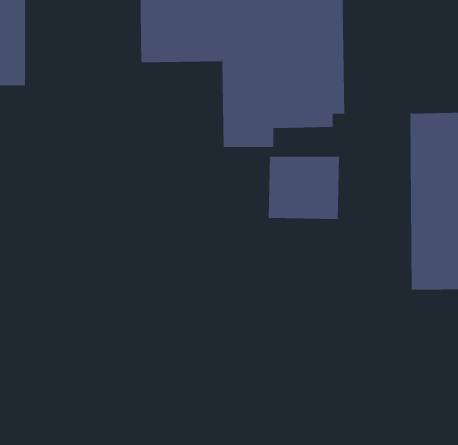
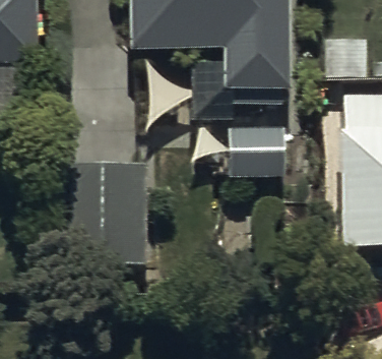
building: none -> [55,161,148,264]

